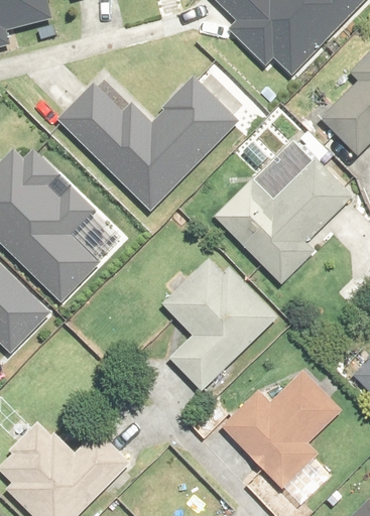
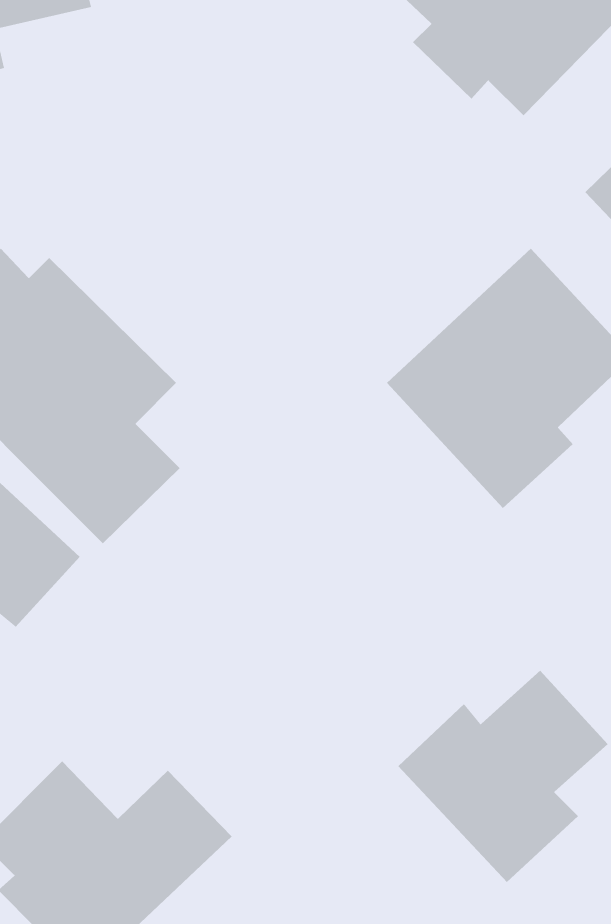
building: [57,75,237,210] -> none
building: [163,259,281,392] -> none

